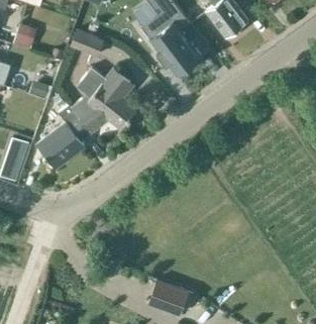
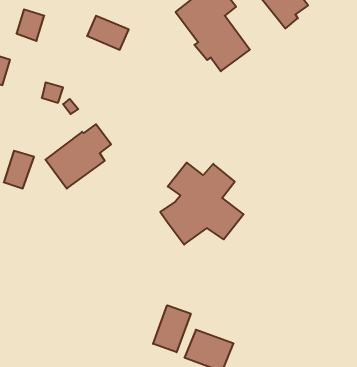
building: [71,68,137,133] -> [160,163,244,245]
building: none -> [153,305,191,352]

